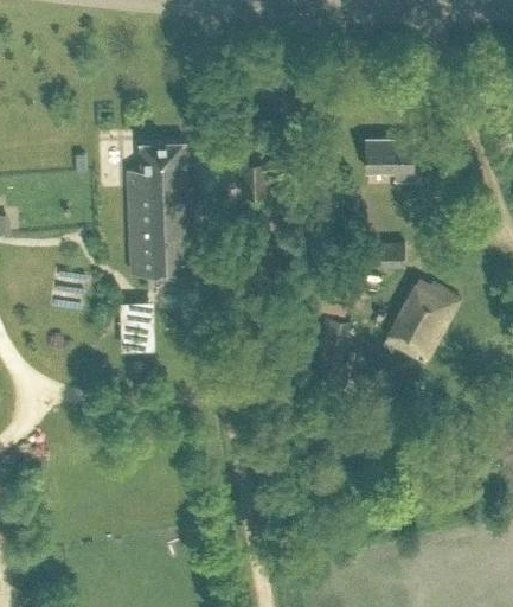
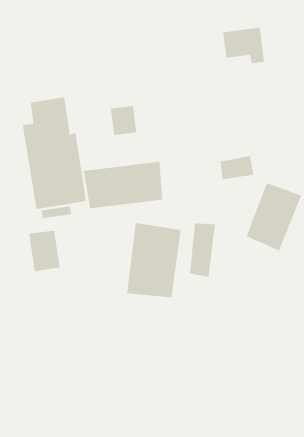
building: [367,139,415,183] -> [222,27,265,64]
building: none -> [83,161,163,209]
building: none -> [126,222,181,298]

